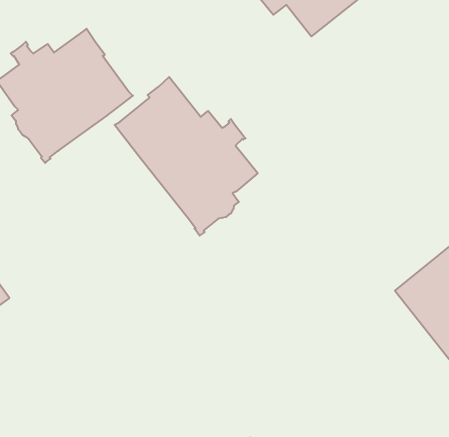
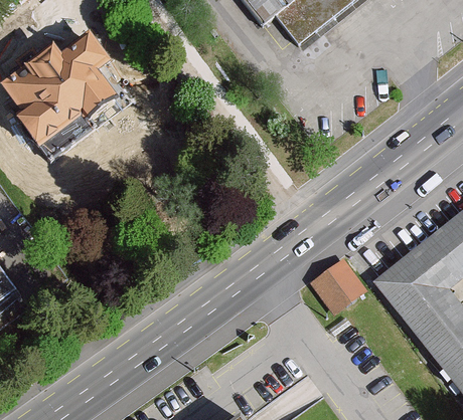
building: [115,77,258,236] -> none
building: none -> [313,261,362,311]

